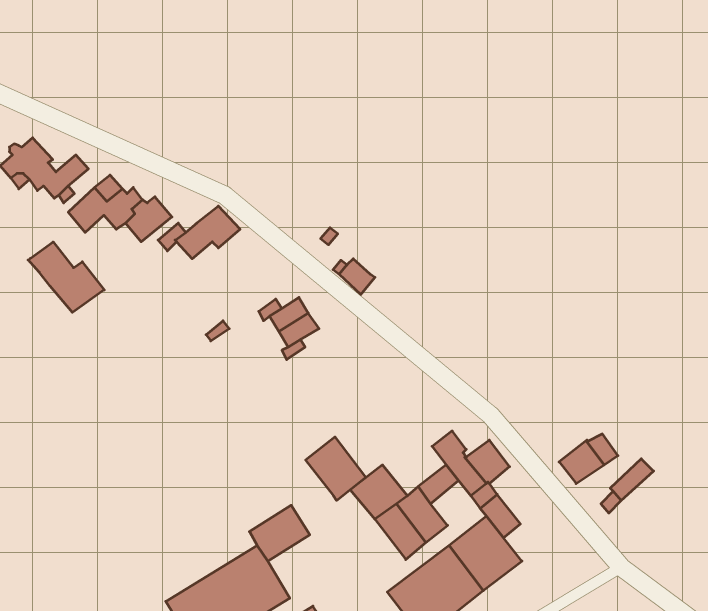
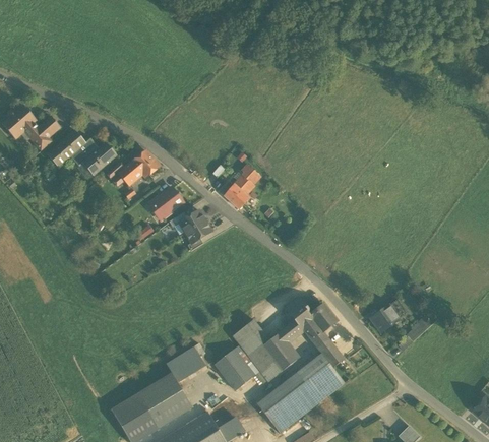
building: none -> [234,165,260,195]
building: [28,242,104,312] -> none
building: none -> [149,188,182,219]
building: [306,437,366,500] -> [215,349,254,390]

